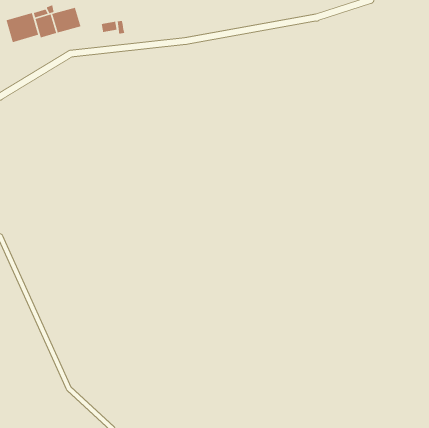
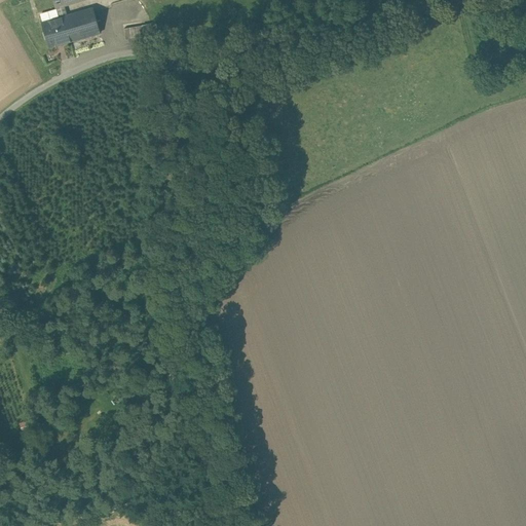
building: [6,12,39,43] -> none

